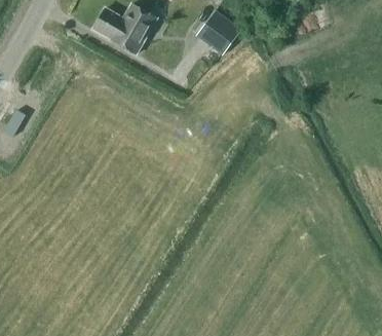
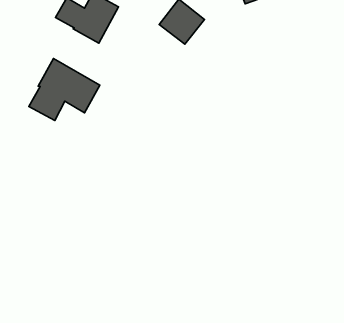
building: none -> [29,59,100,120]

